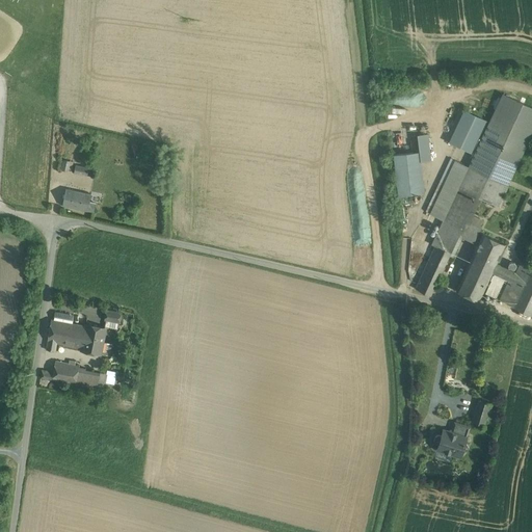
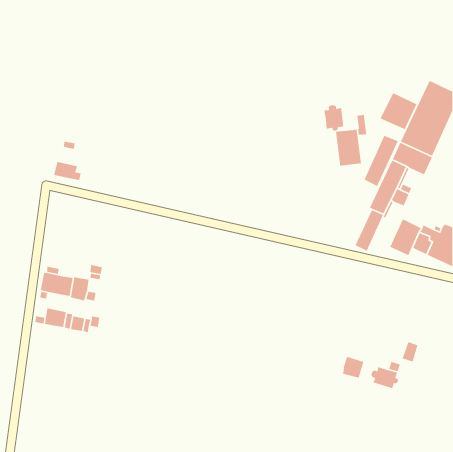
building: none -> [323,104,344,131]
building: [472,234,505,268] -> none
building: none -> [342,356,365,379]

